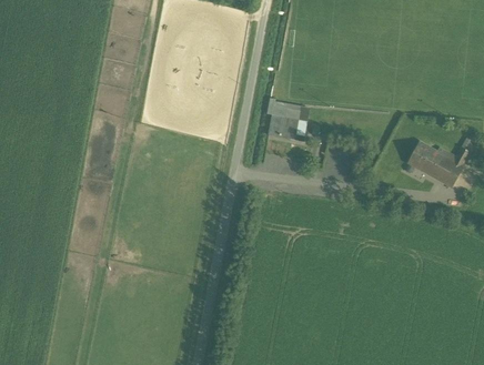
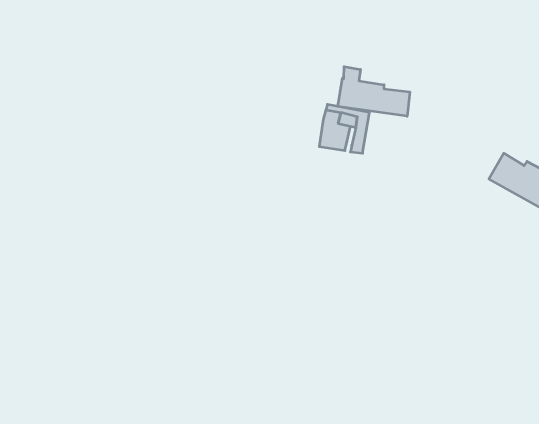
building: none -> [338,67,410,116]

